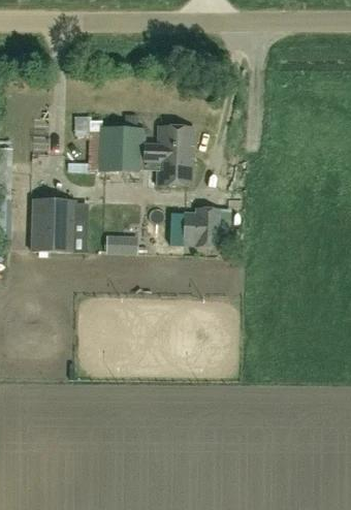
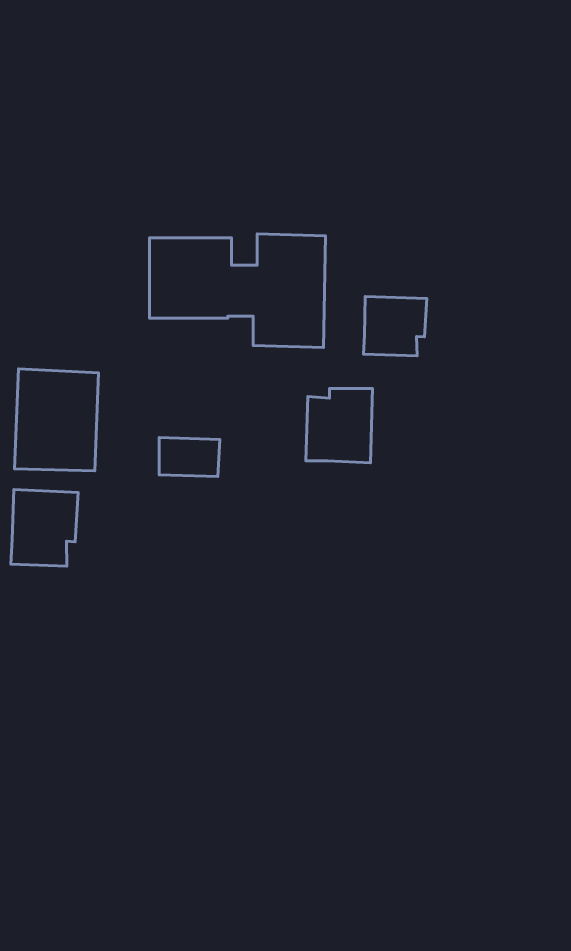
building: none -> [363,297,427,356]
building: none -> [11,490,78,566]

